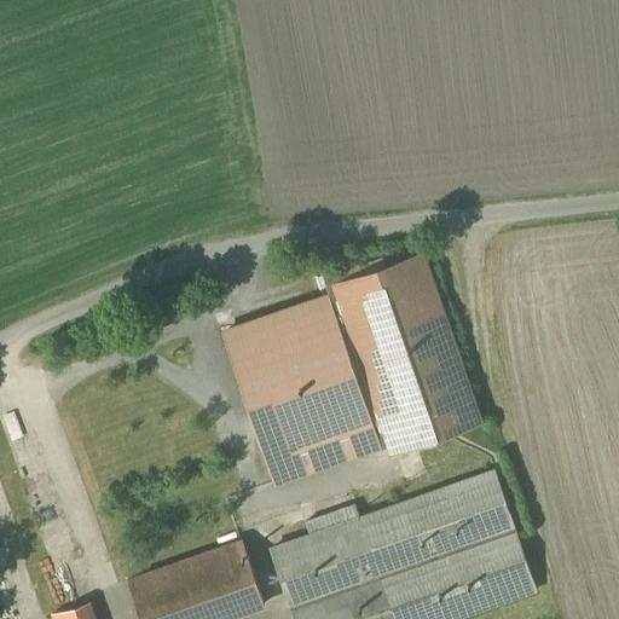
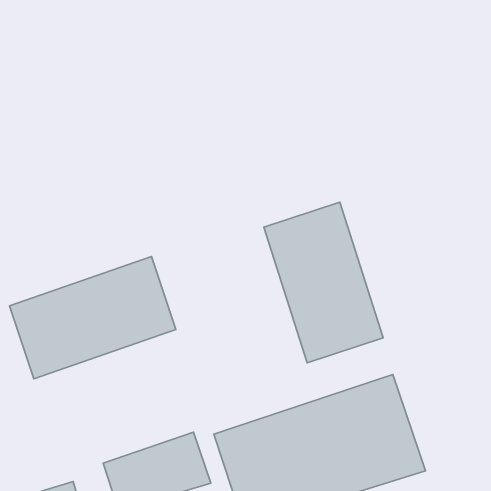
building: [219,296,376,482] -> none
building: none -> [9,257,176,379]

